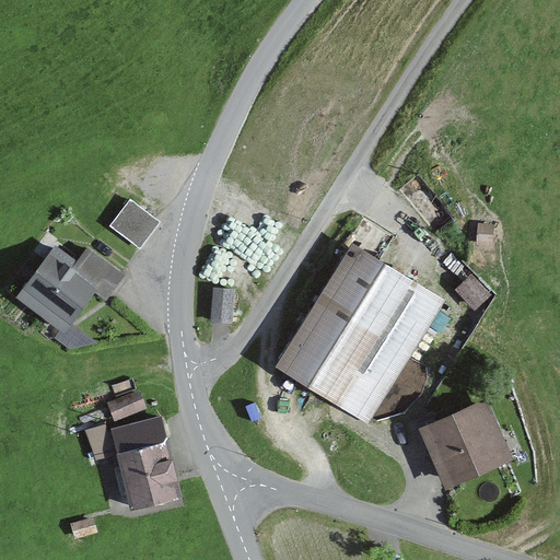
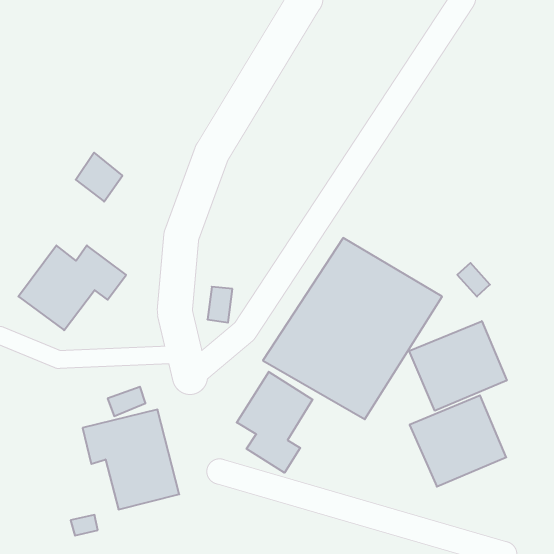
building: [113,200,160,249] -> [76,153,122,202]
building: none -> [409,321,507,411]
building: none -> [237,372,313,473]

